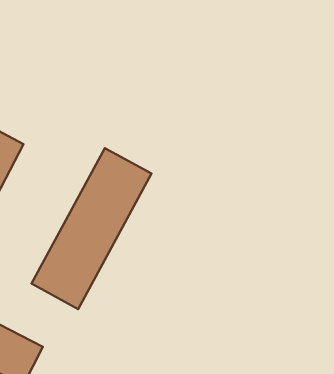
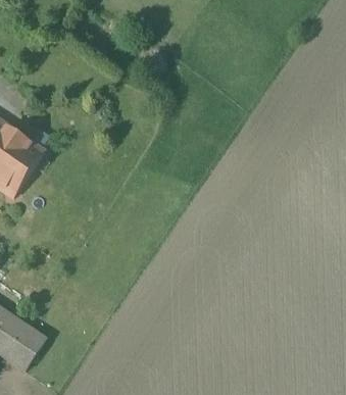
building: [31,148,152,309] -> none

